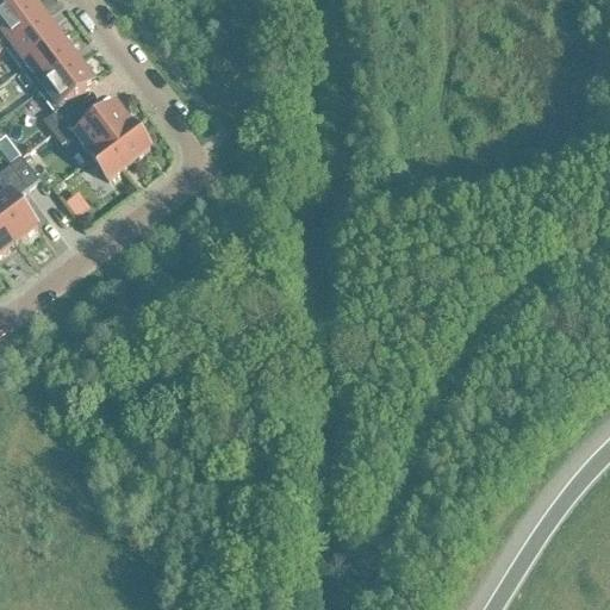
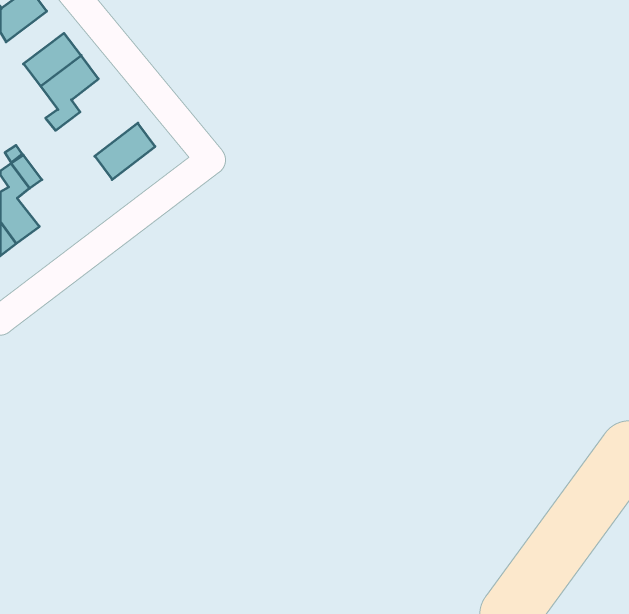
building: [6,11,62,62] -> none
building: [54,98,133,151] -> none

